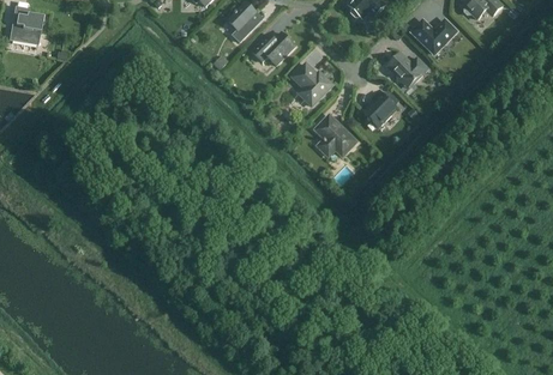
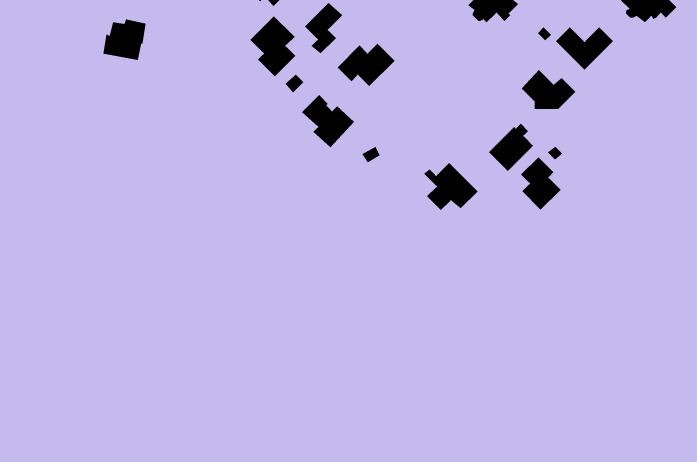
building: none -> [250,15,296,77]
building: [10,13,42,44] -> [103,18,147,61]
building: [291,63,331,103] -> [301,94,355,148]
building: none -> [520,156,561,211]

